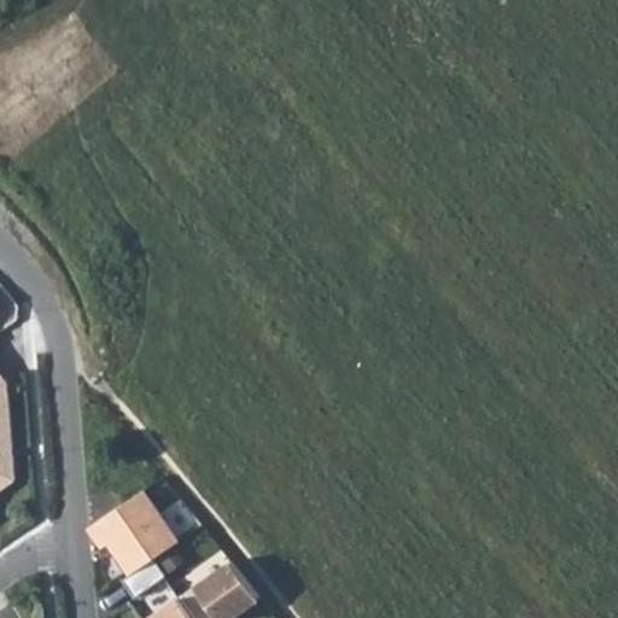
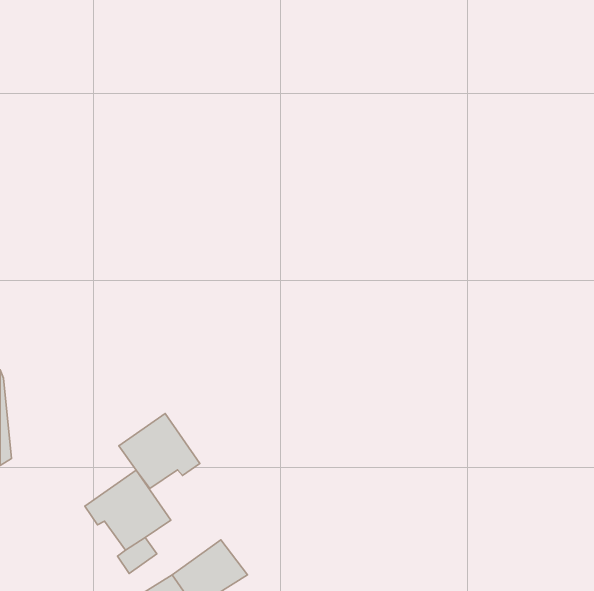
building: none -> [119,413,200,489]

